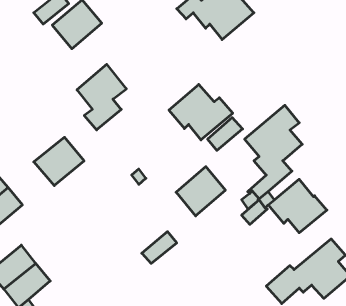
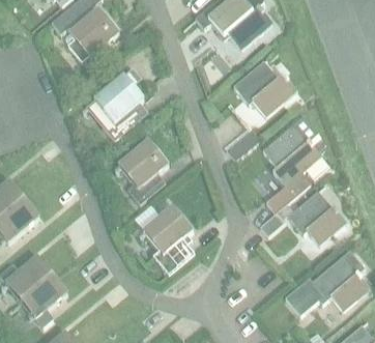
building: [169,84,233,140] -> [233,59,297,115]
building: [34,137,84,186] -> [118,139,169,188]
building: [176,167,225,216] -> [143,204,193,254]

